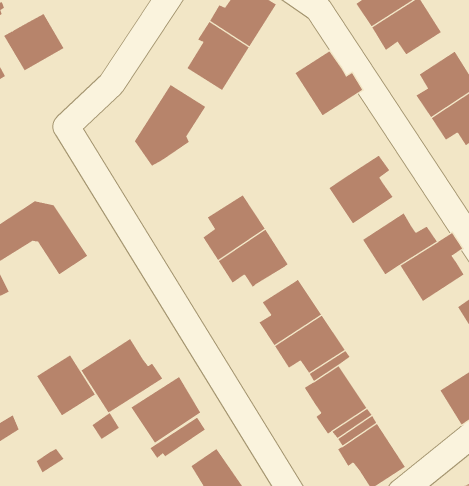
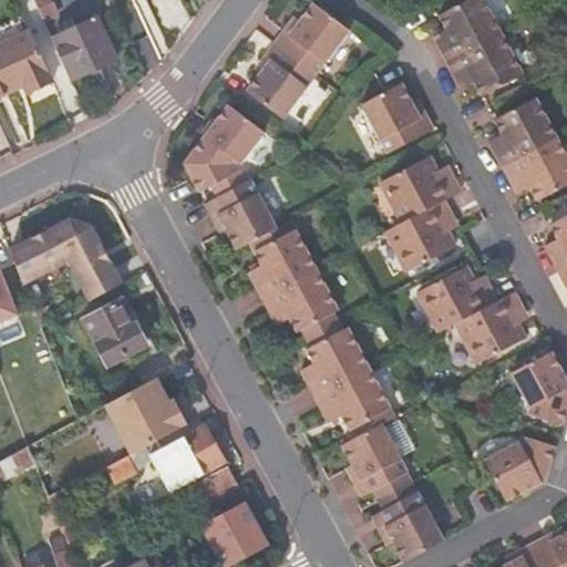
building: none -> [381,157,462,224]
building: none -> [204,181,277,251]
building: [36,354,96,416] -> [83,298,145,363]

